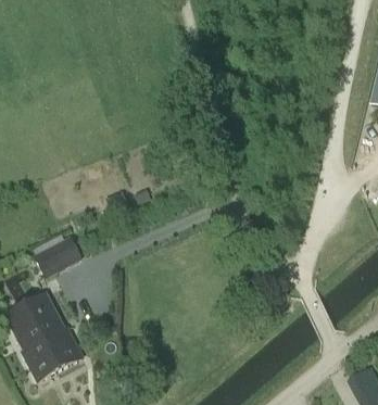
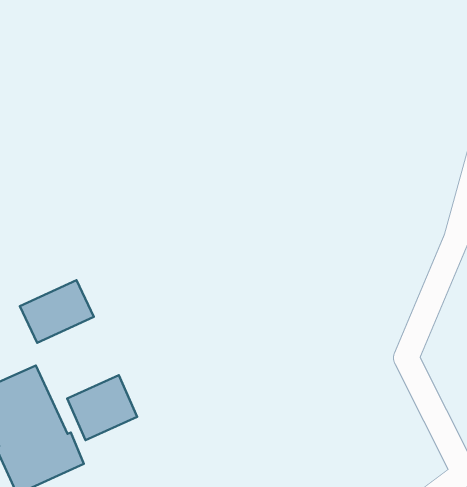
building: none -> [67,375,137,440]

